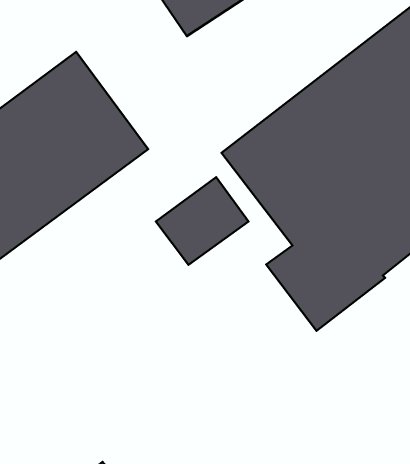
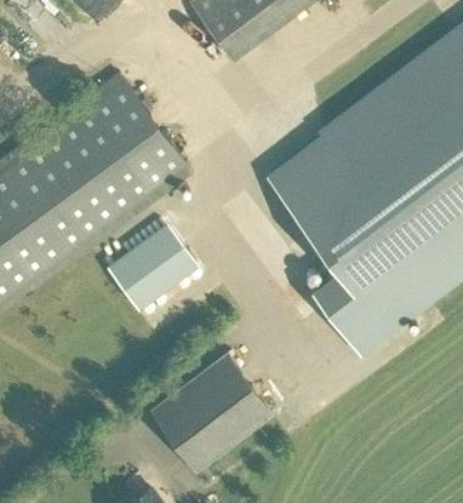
building: [156,177,248,265] -> [107,223,200,311]
building: none -> [148,353,271,473]

